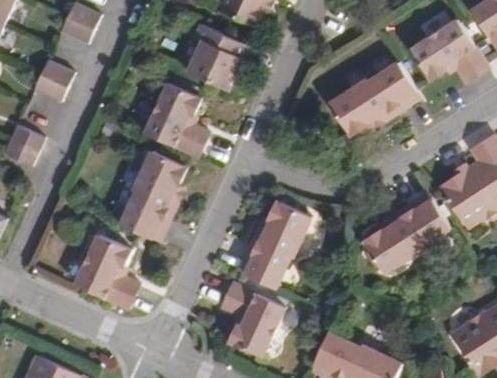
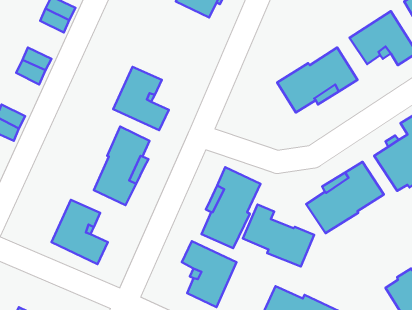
building: [186,22,246,87] -> none
building: none -> [243,204,314,267]

